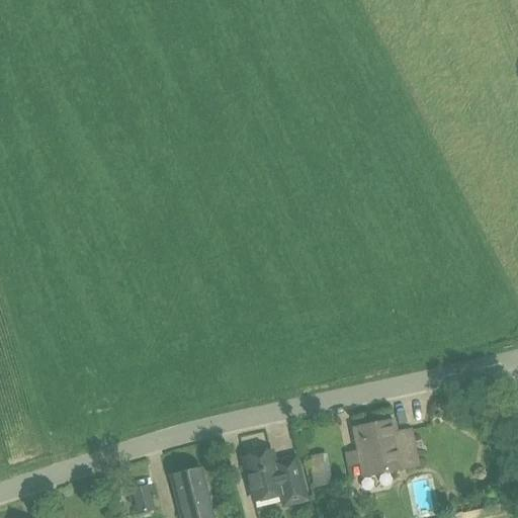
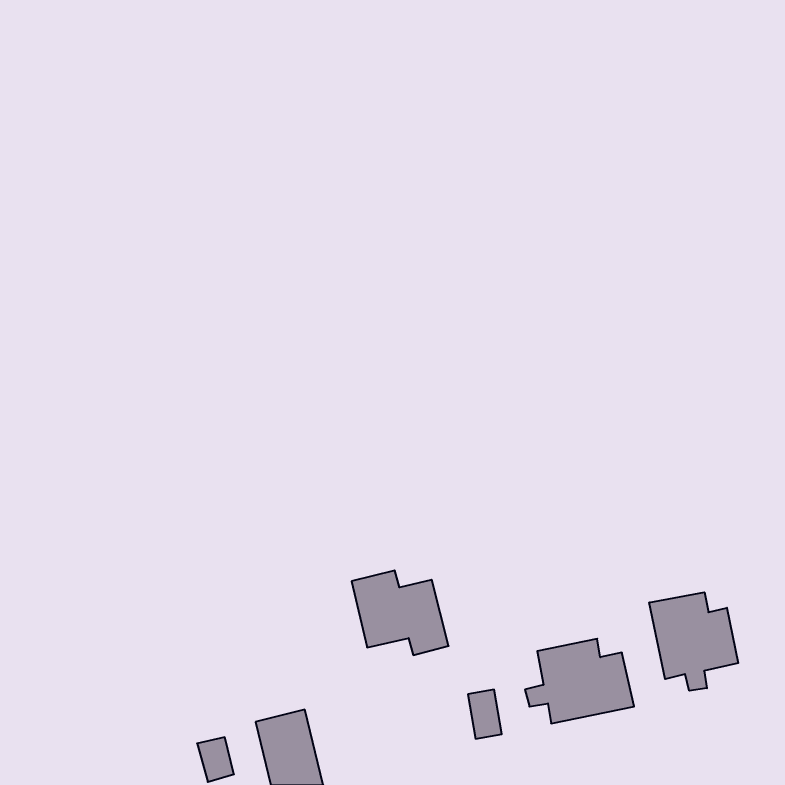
building: none -> [649,592,738,691]
building: [243,449,307,505] -> [352,570,449,655]

